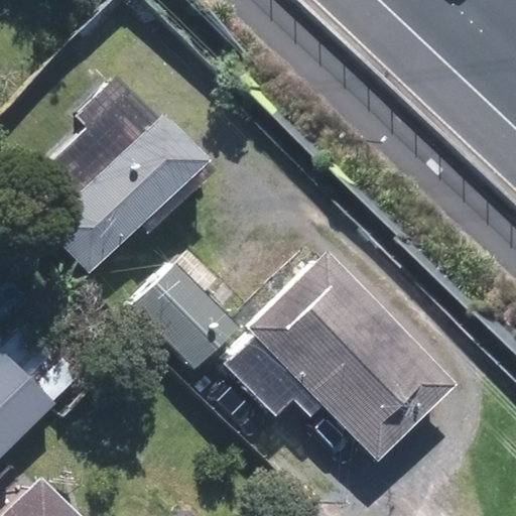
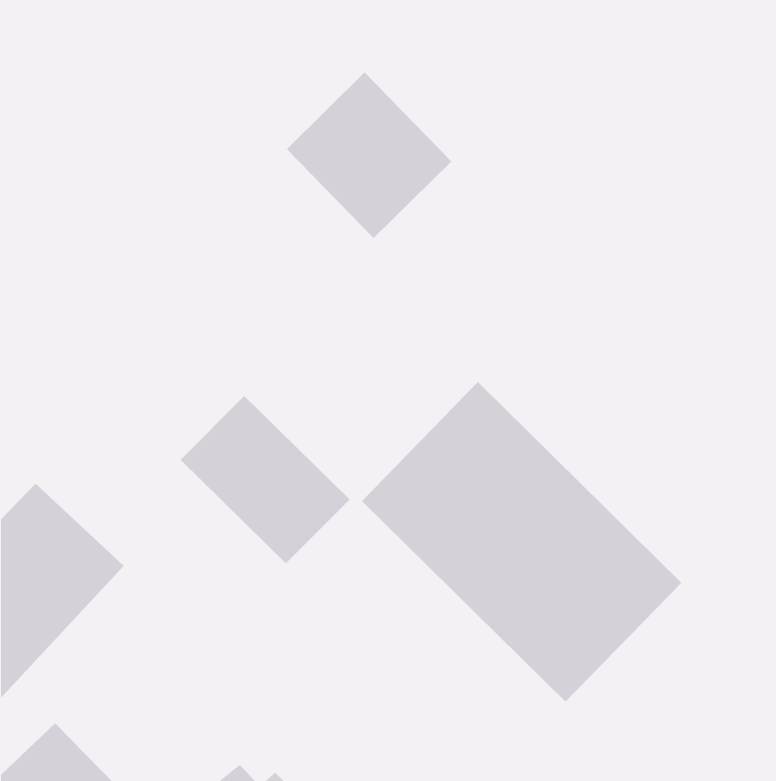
building: none -> [286,72,452,239]
building: [12,72,212,279] -> none

